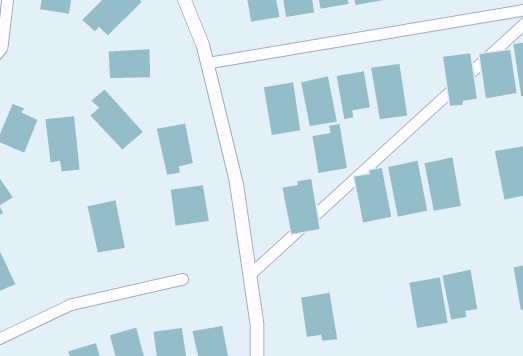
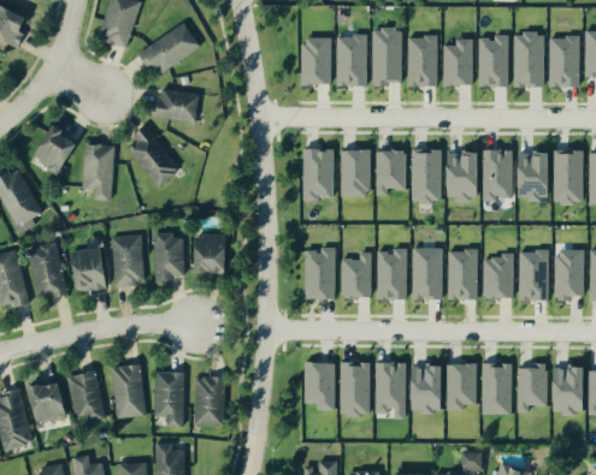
building: none -> [448,154,482,198]
building: [156,123,194,175] -> [152,233,183,281]
building: [311,123,348,174] -> [342,251,372,297]
building: none -> [484,255,514,298]
building: none -> [71,248,106,290]
building: none -> [29,243,65,298]
building: none -> [482,362,512,414]
building: none -> [376,361,406,417]
building: none -> [341,361,371,414]

